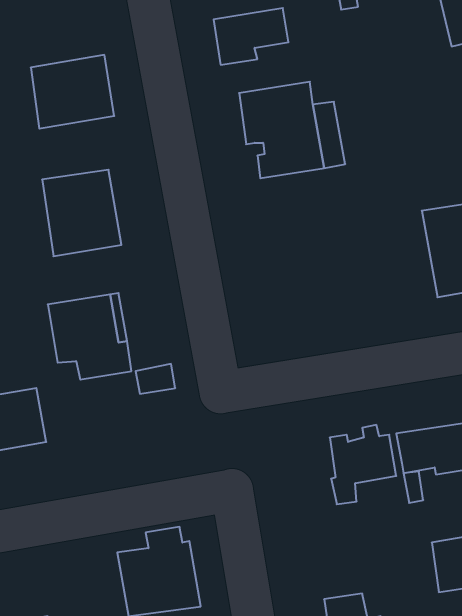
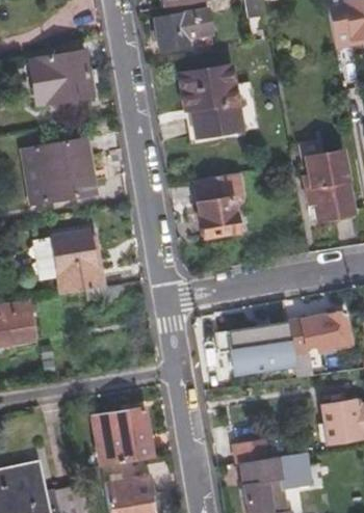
building: none -> [198,179,248,241]

